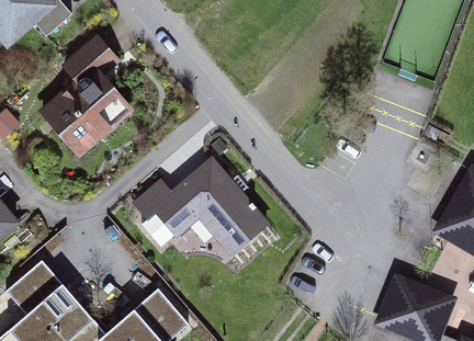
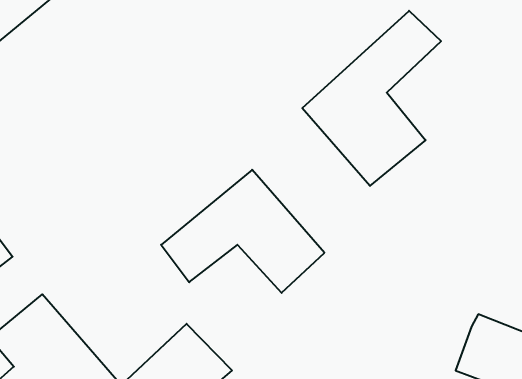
building: none -> [302,11,441,186]
building: [38,42,134,163] -> none

